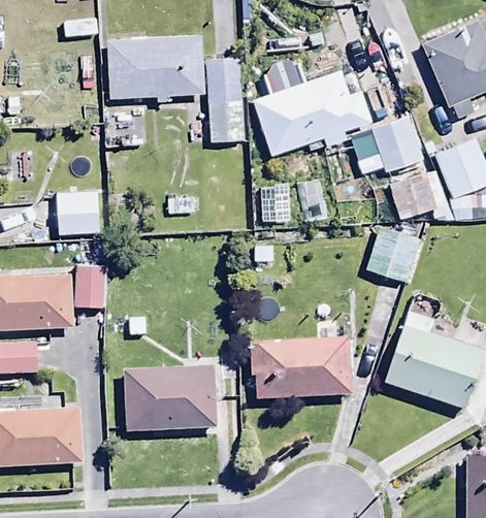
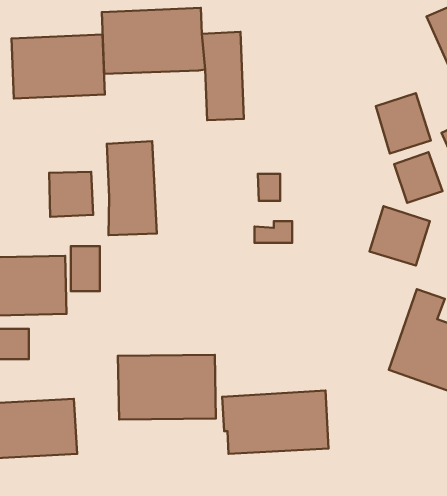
building: [251,56,370,158] -> none
building: none -> [12,34,105,99]
building: none -> [107,141,157,235]
building: [250,337,352,398] -> [222,390,329,454]

